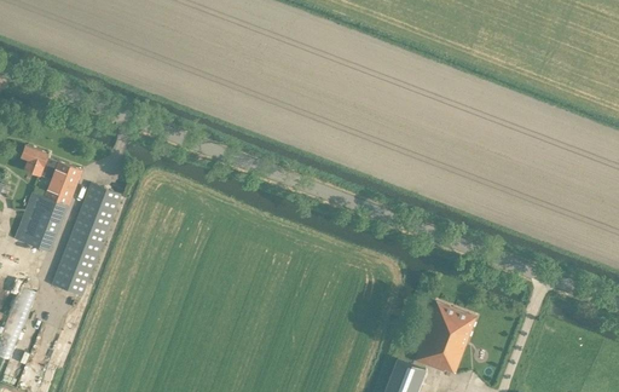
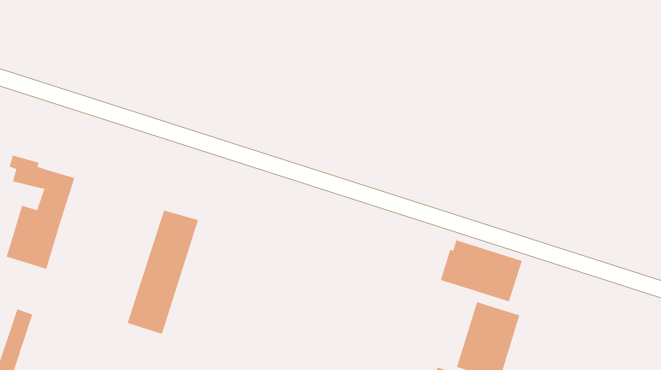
building: [48,183,118,295] -> [127,210,199,335]
building: none -> [440,239,522,302]

